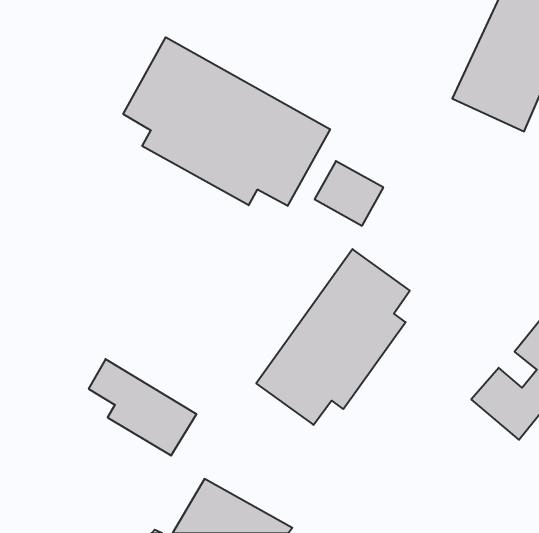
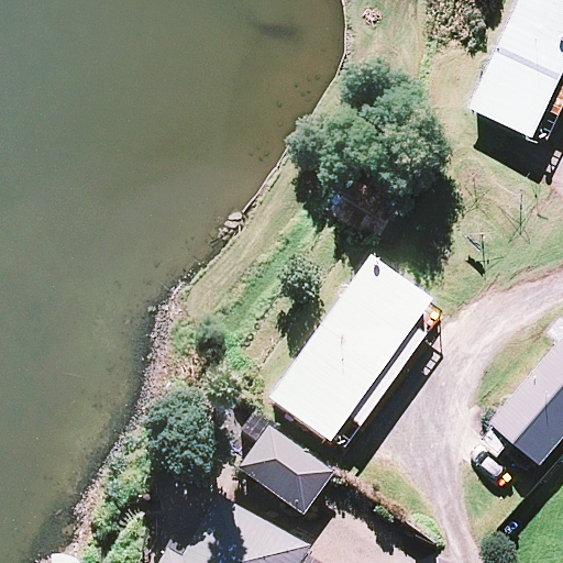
building: [123,37,330,206] -> none
building: [89,359,197,456] -> [218,410,330,510]

